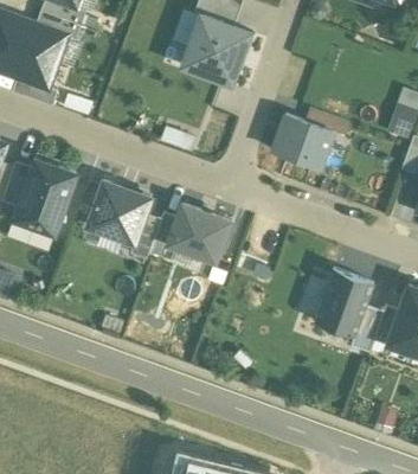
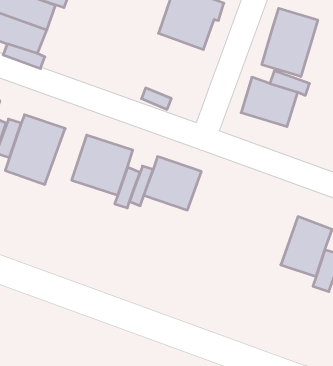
building: none -> [262,8,318,77]

